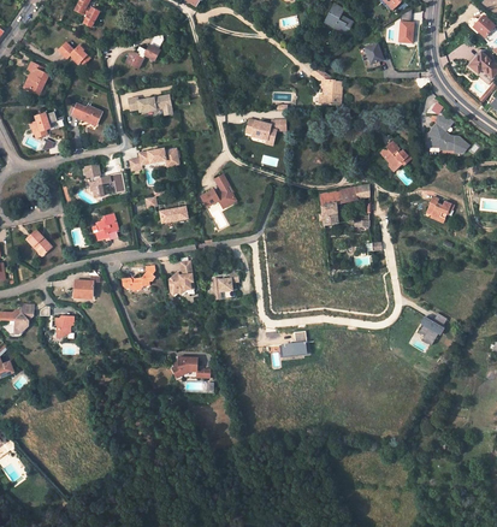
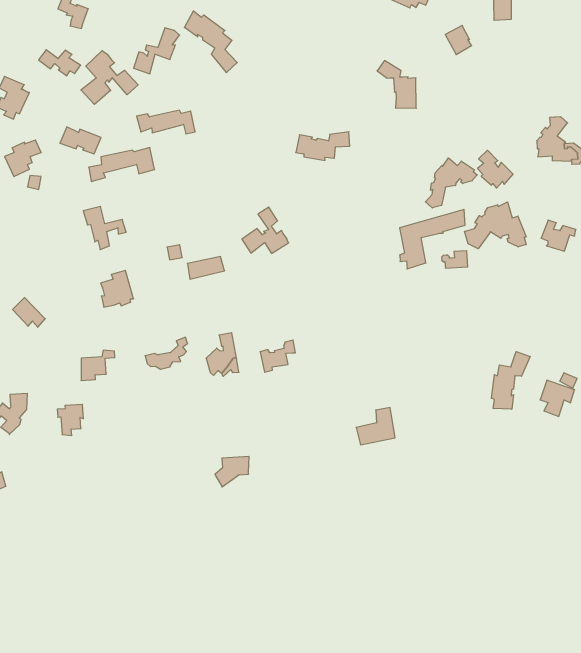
building: none -> [184,11,237,73]
building: none -> [81,51,138,104]
building: none -> [425,158,477,208]
building: [130,148,179,171] -> [89,148,155,182]
building: none -> [465,202,526,249]
building: none -> [491,352,530,409]

